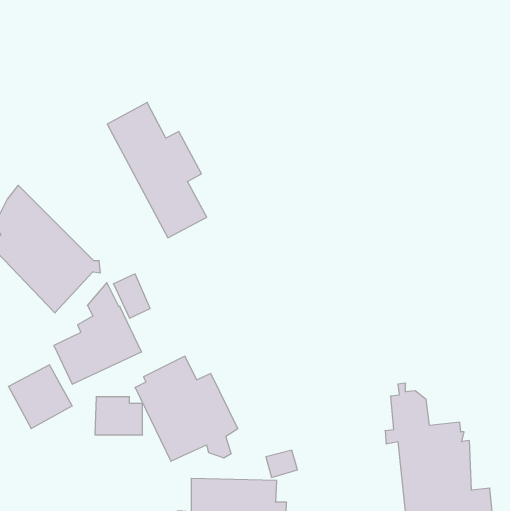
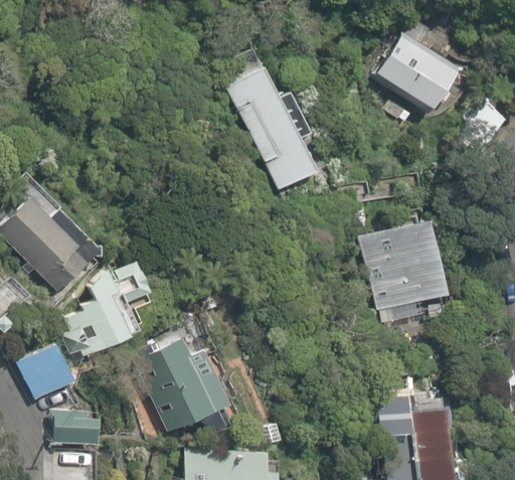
building: none -> [378,35,458,111]
building: [107,102,207,238] -> [226,67,319,193]
building: none -> [355,221,446,316]
building: [95,397,143,435] -> [54,411,99,446]

